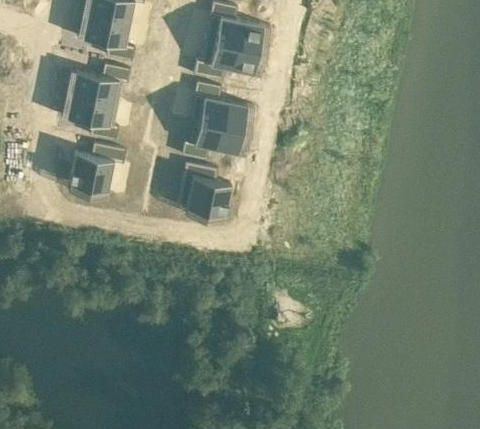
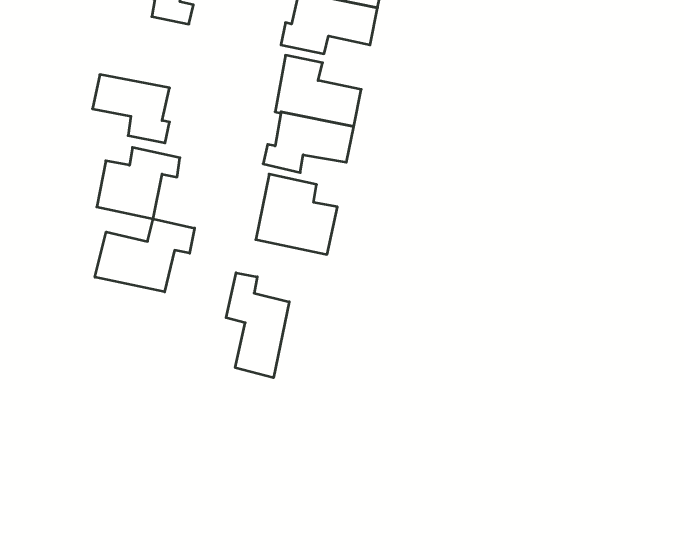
building: [72,64,131,104] -> none
building: none -> [95,219,195,292]
building: none -> [226,273,289,378]

